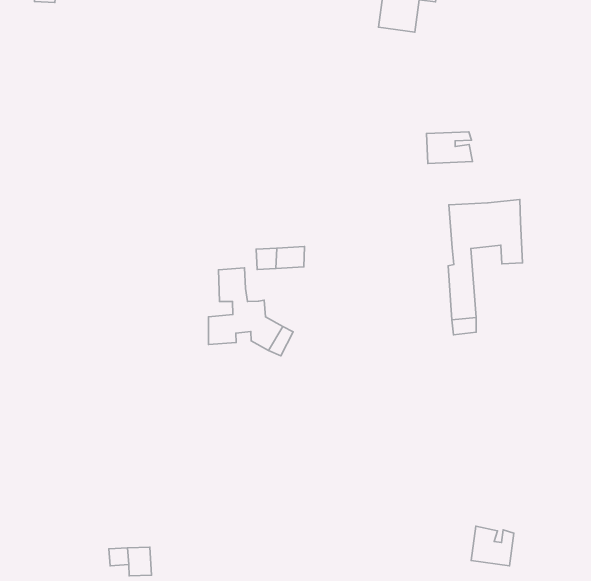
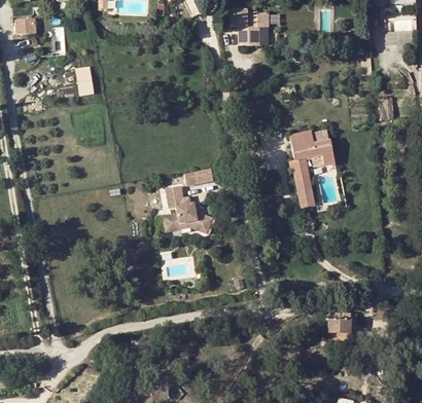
building: none -> [76,64,97,96]
building: [426,132,472,163] -> none

